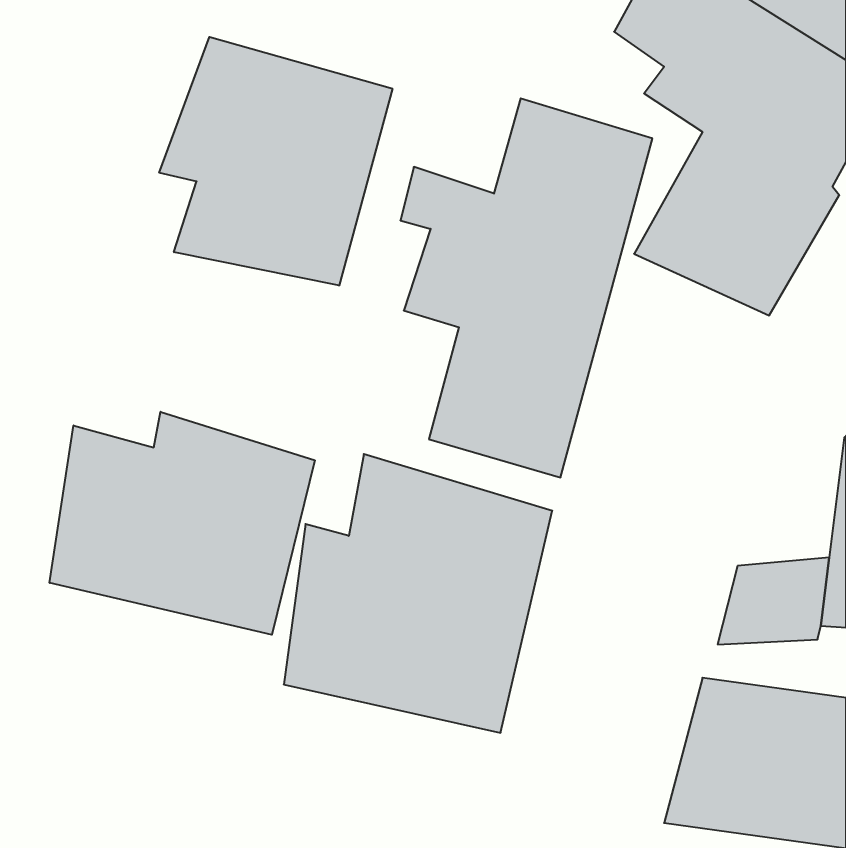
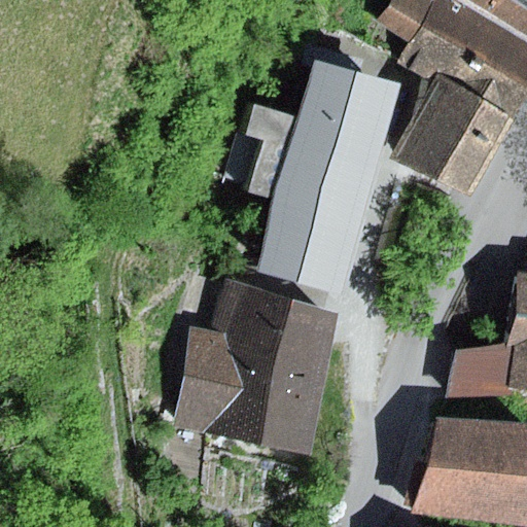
building: [159,37,392,286] -> none
building: [50,412,315,635] -> none

